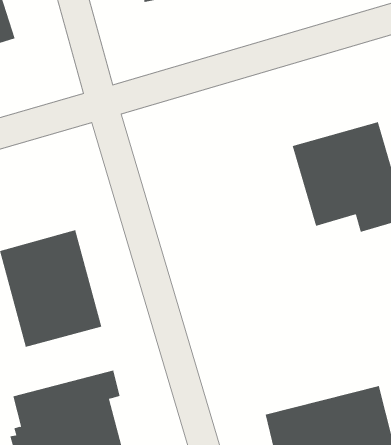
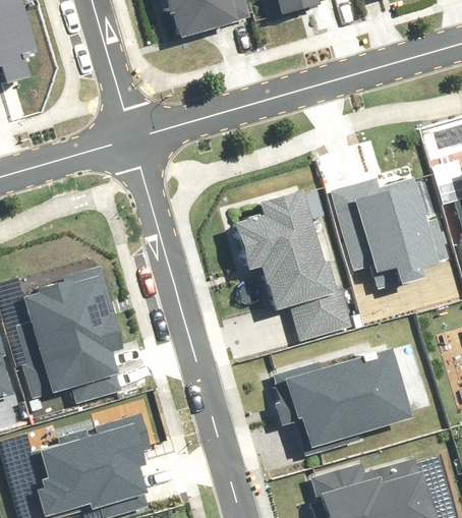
building: none -> [227,193,349,333]
building: none -> [287,349,415,448]

